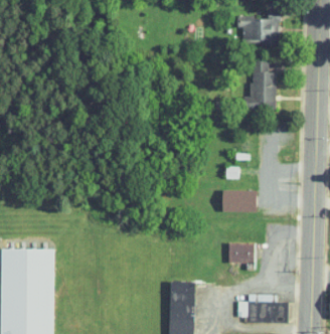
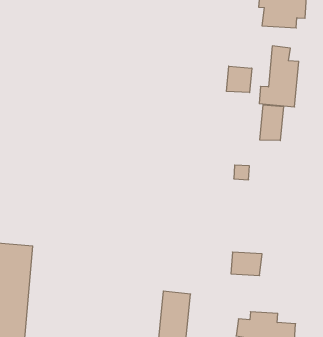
building: none -> [226,66,252,93]
building: none -> [260,105,283,141]
building: [222,189,257,211] -> none

